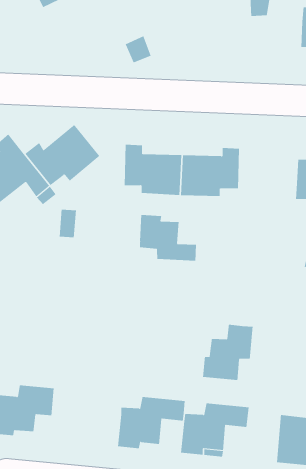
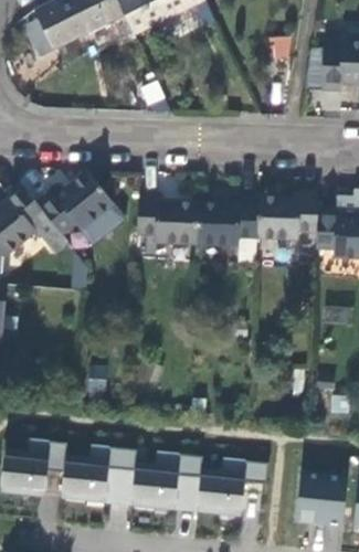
building: none -> [256,191,317,242]
building: [139,214,197,262] -> none
building: [203,324,253,381] -> none
building: none -> [60,448,136,502]

